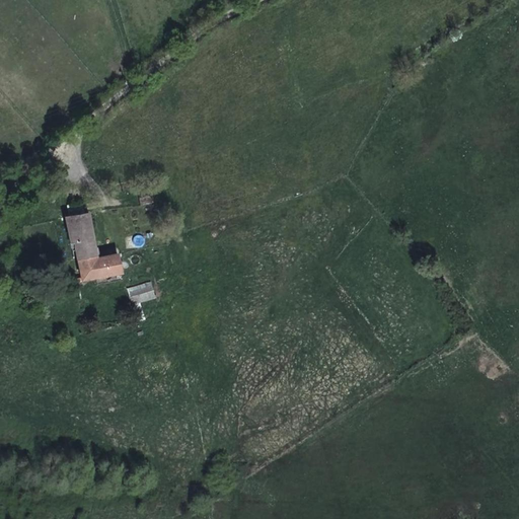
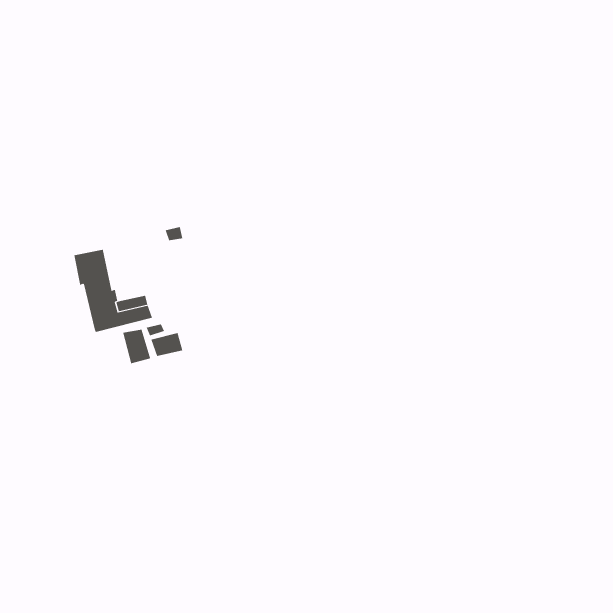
building: none -> [122,329,151,364]

